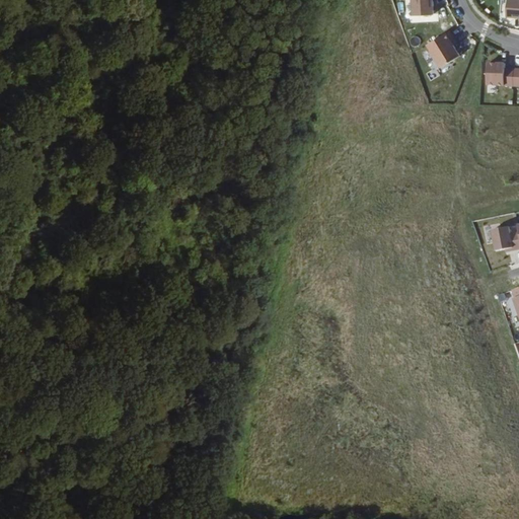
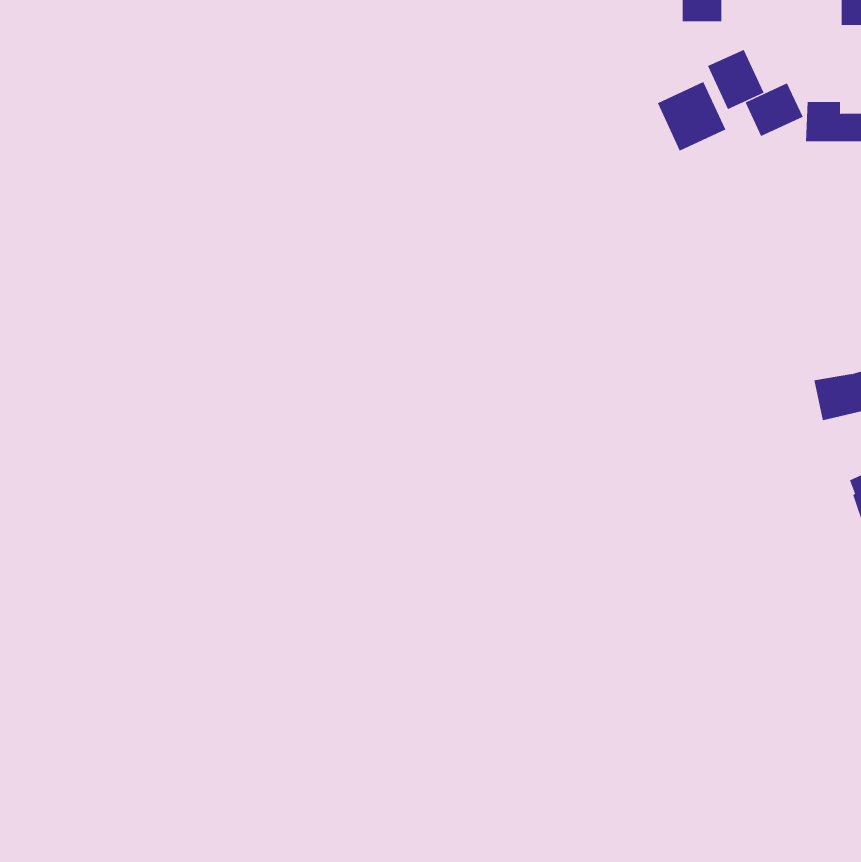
building: none -> [657,81,726,152]
building: none -> [745,83,803,137]

